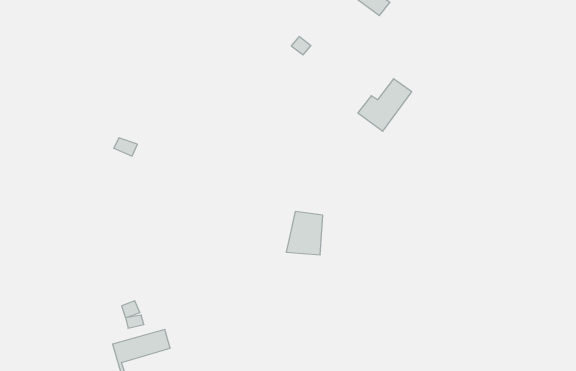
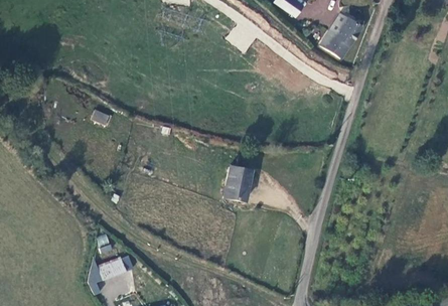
building: [358,79,412,131] -> [320,16,361,56]

